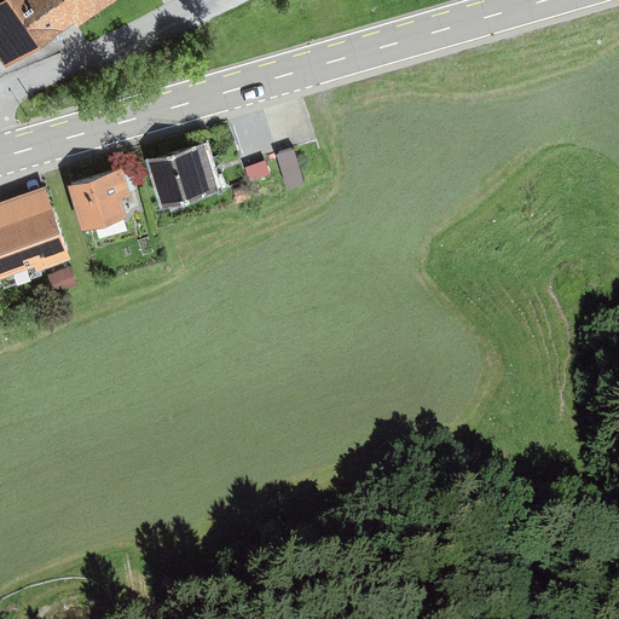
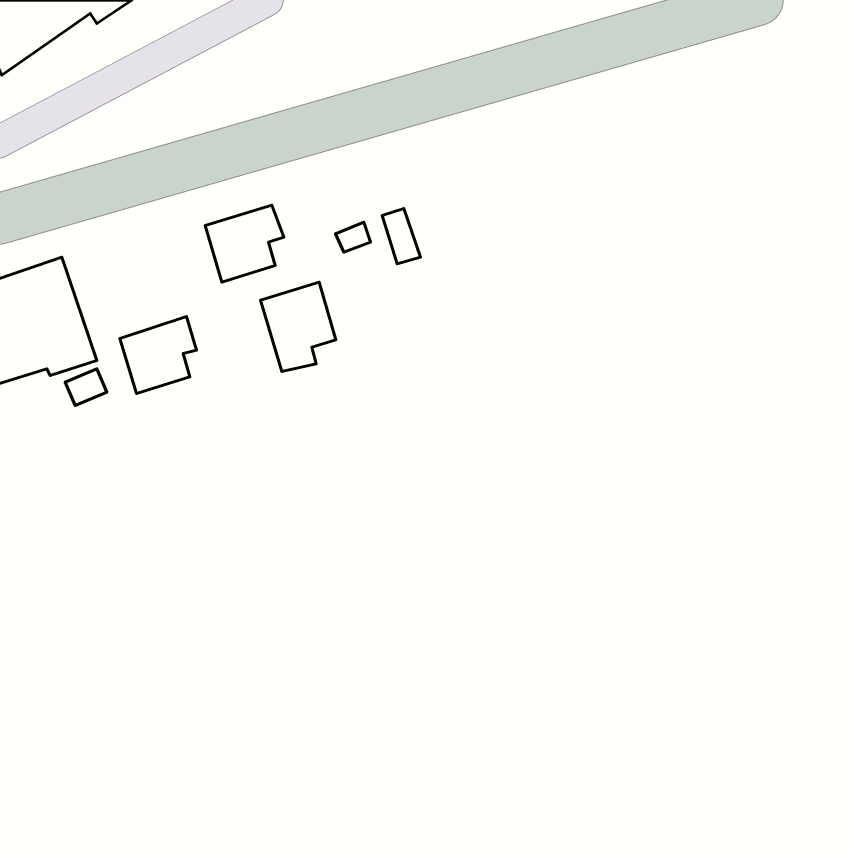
building: [70,173,126,228] -> [120,317,197,393]
building: none -> [260,282,336,372]

